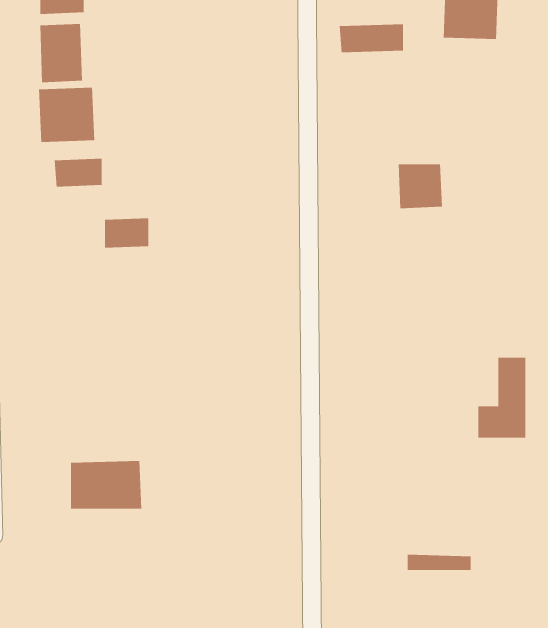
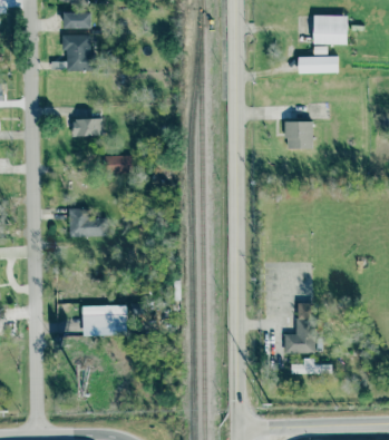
building: [339,24,404,53] -> [298,56,338,74]
building: [38,87,95,143] -> none
building: none -> [68,208,107,237]
building: [478,357,526,438] -> [284,303,314,353]

